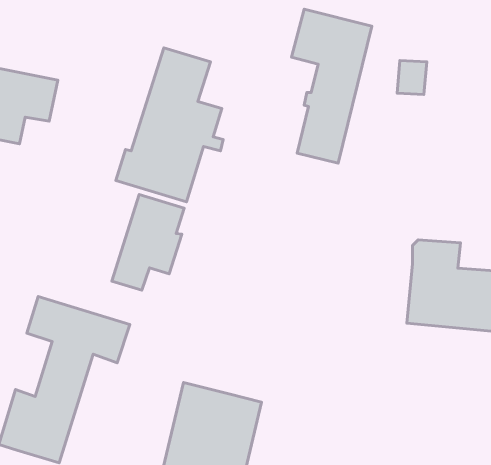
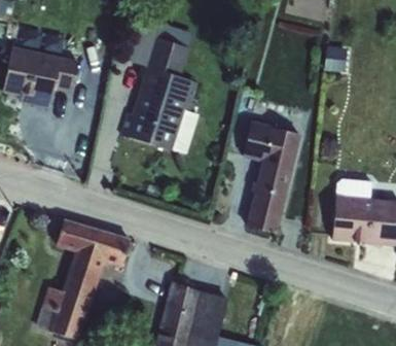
building: [291,9,372,163] -> [243,122,301,234]
building: [112,195,184,290] -> none

